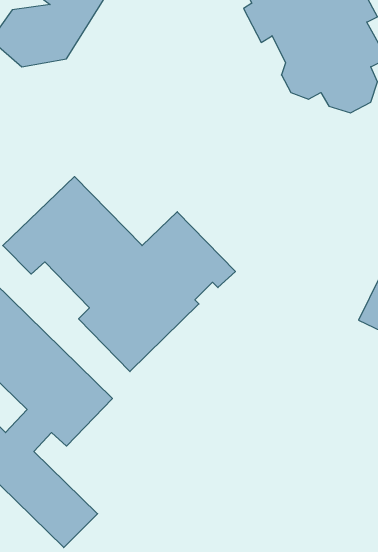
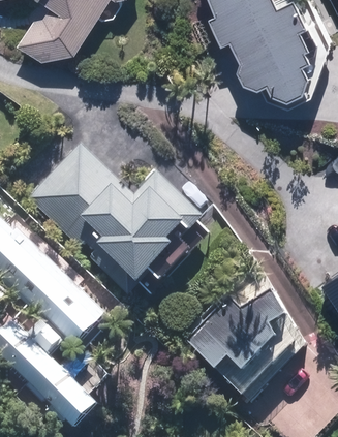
building: none -> [187,288,290,372]

